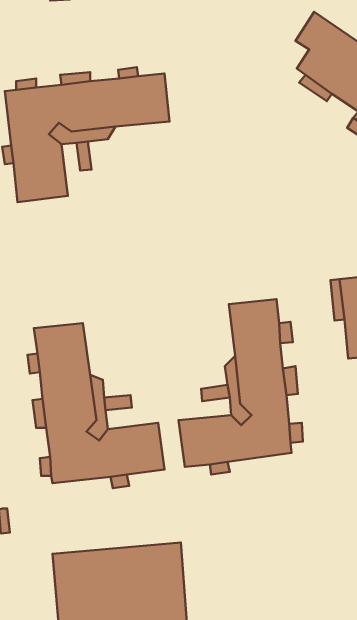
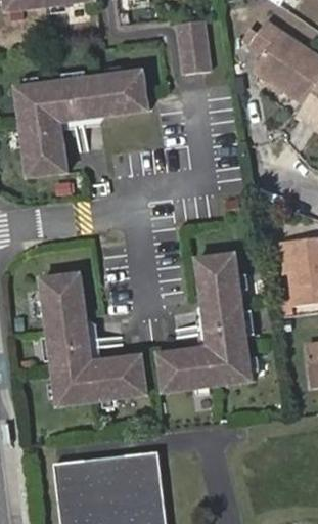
building: none -> [178,23,210,77]

